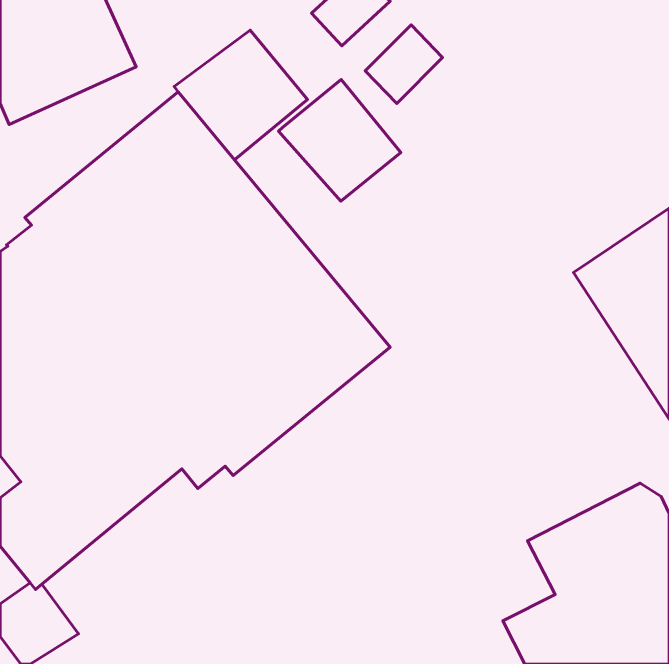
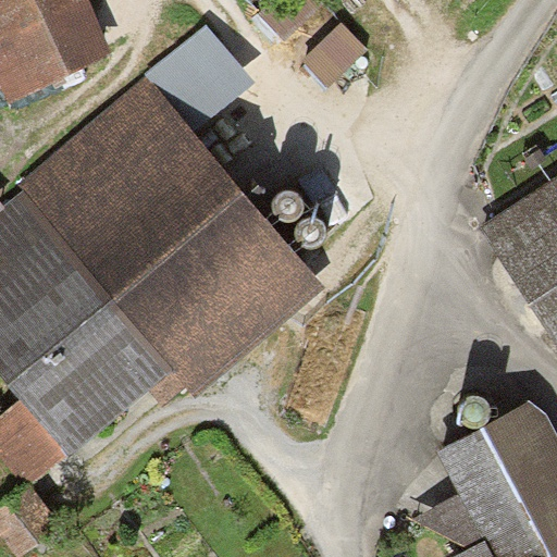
building: [278,80,401,201] -> none

